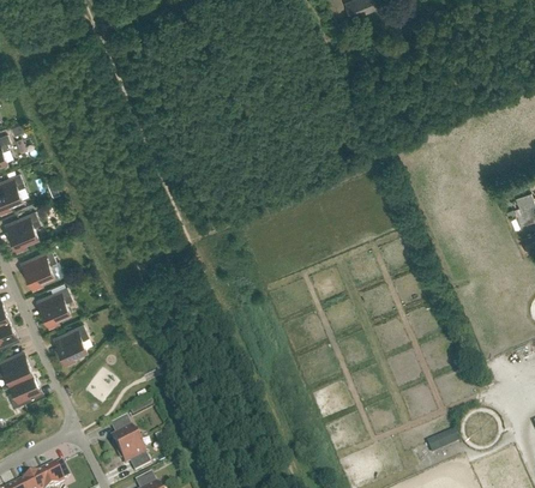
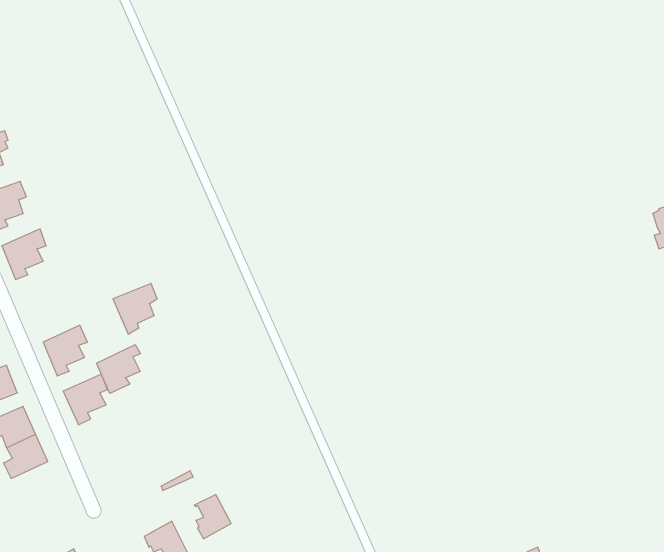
building: [22,249,56,289] -> [113,283,157,334]
building: none -> [96,345,140,393]
building: [110,417,139,452] -> [194,494,231,539]

